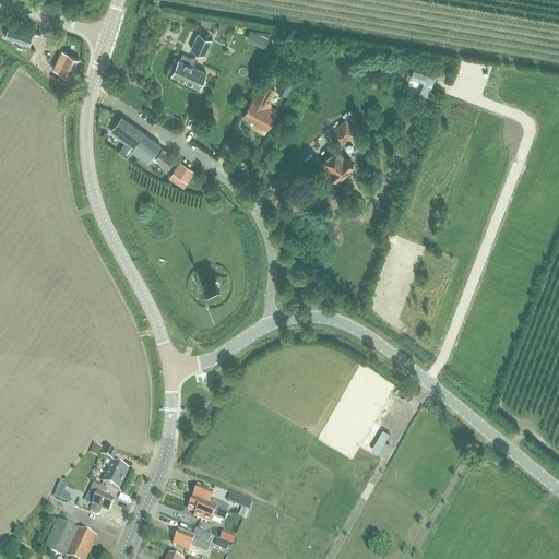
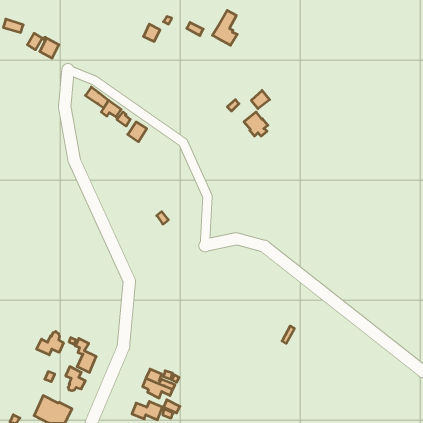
building: [170,53,205,86] -> none
building: [242,81,275,127] -> [212,10,237,45]
building: none -> [37,331,63,355]

